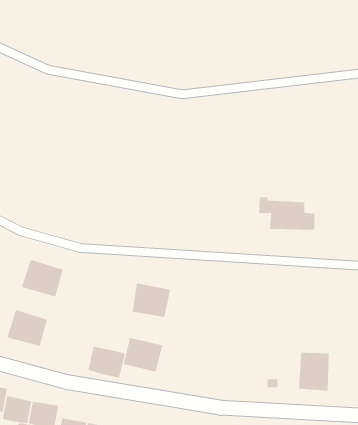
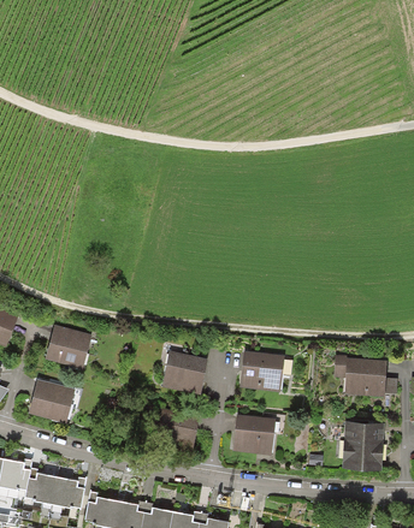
building: [258,197,315,230] -> [336,356,397,392]
building: none -> [242,352,285,390]
building: none -> [232,417,271,450]
building: [88,346,125,378] -> none

